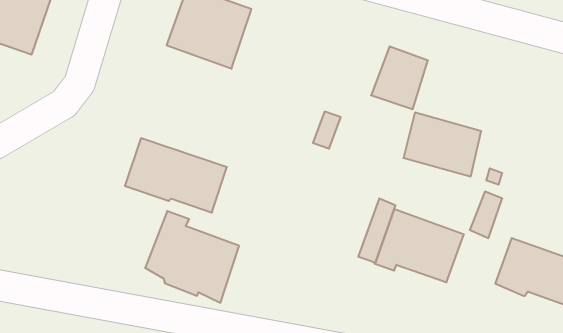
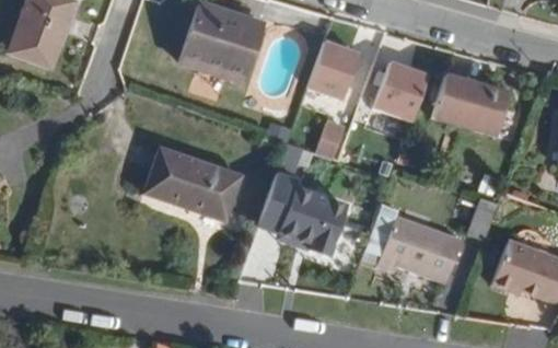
building: none -> [311,40,360,97]
building: [403,113,481,176] -> [434,74,508,135]
building: [145,211,239,303] -> [261,169,350,255]

